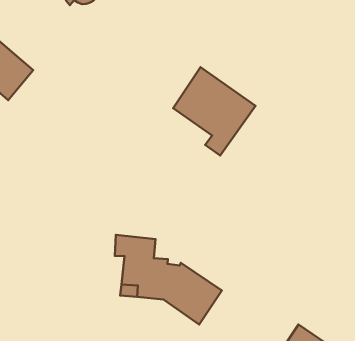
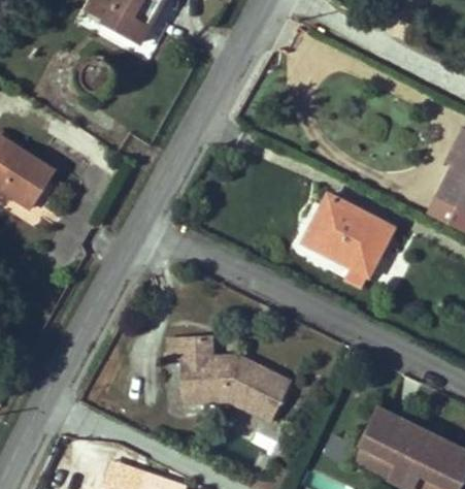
building: [173,67,255,156] -> [304,194,393,287]

